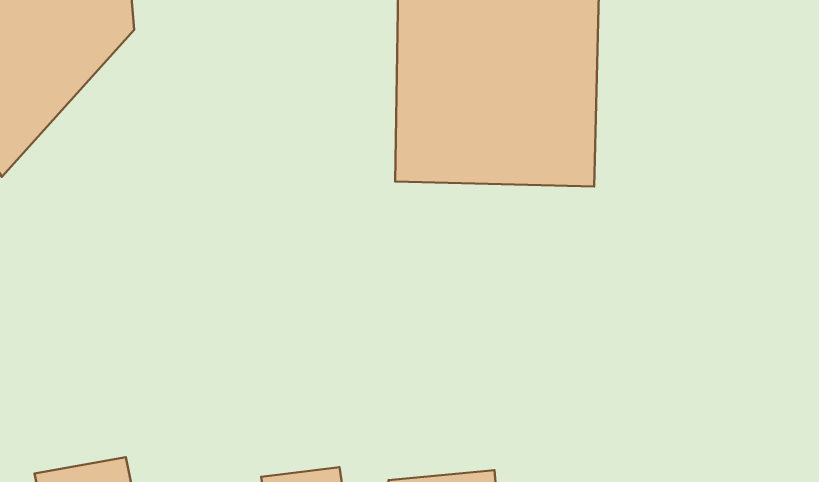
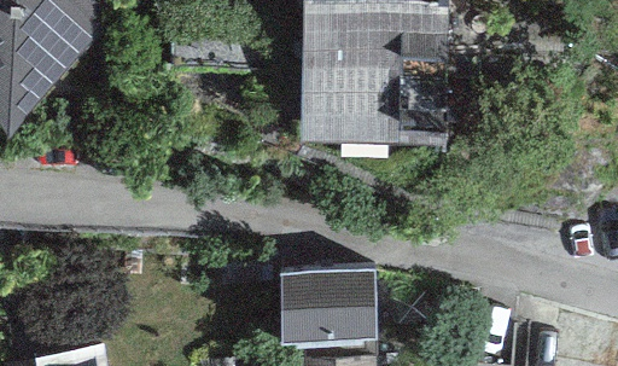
building: none -> [278,268,378,344]

